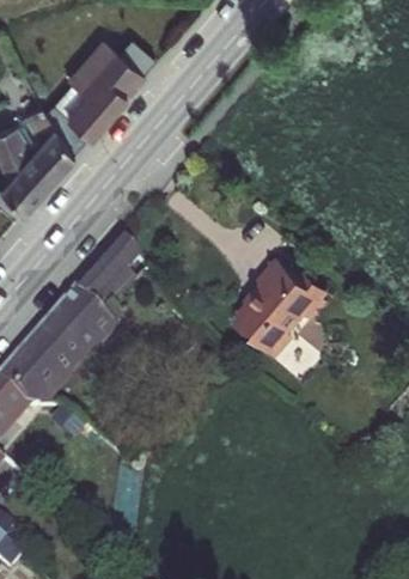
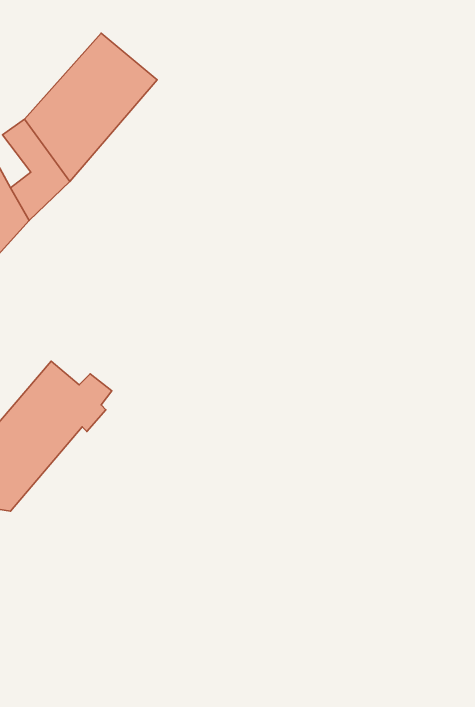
building: [75,236,144,299] -> none
building: [236,263,329,359] -> none

